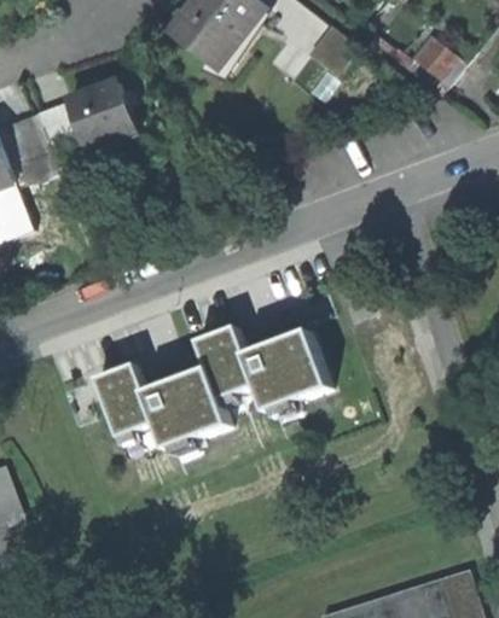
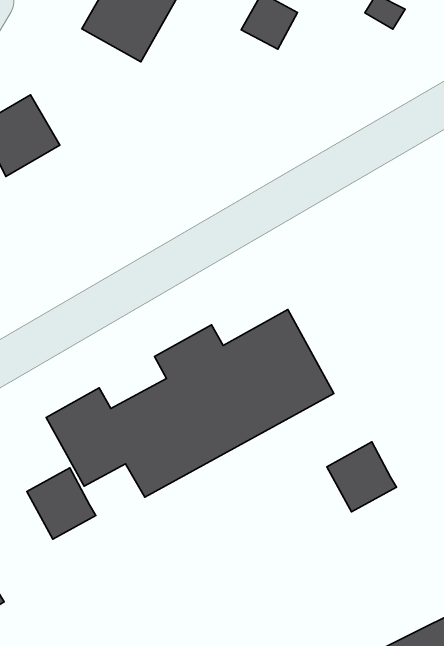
building: none -> [27,468,96,539]
building: none -> [327,442,396,512]

